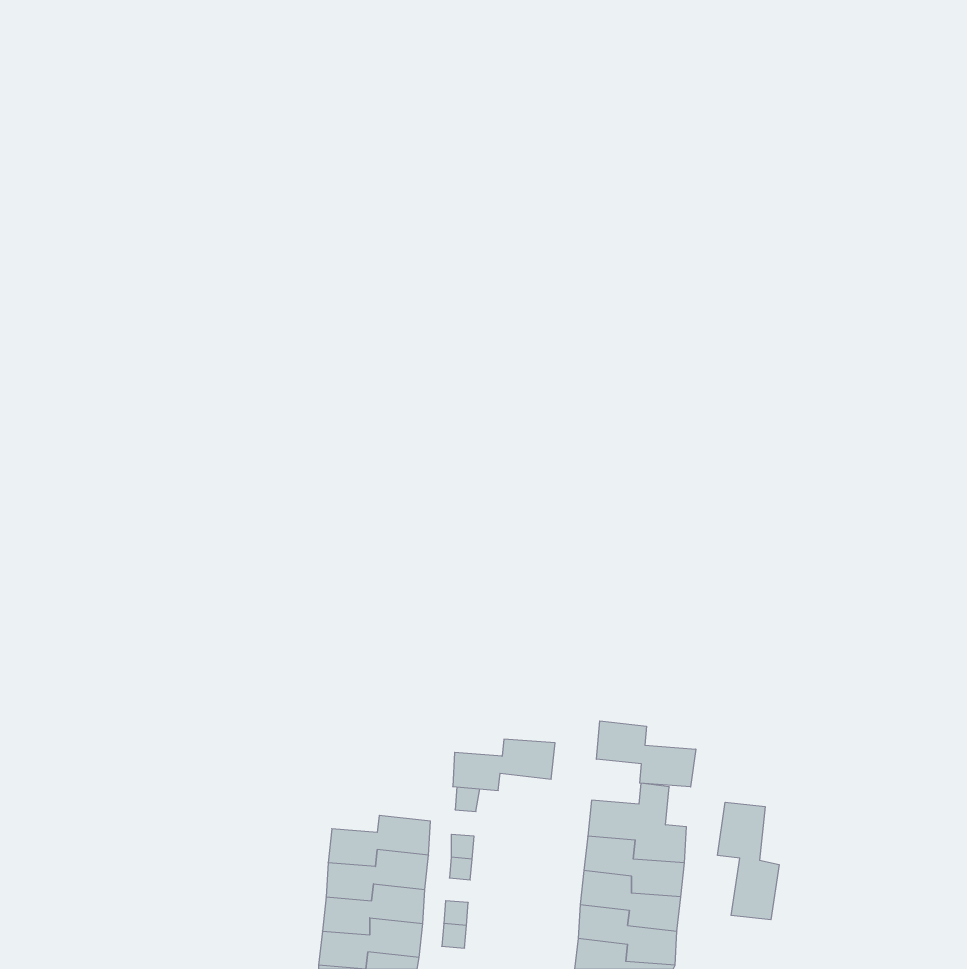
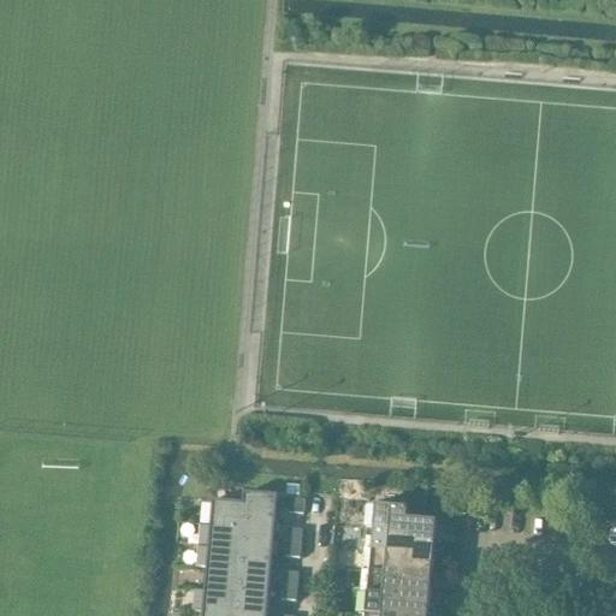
building: [596,721,696,787] -> none
building: [453,739,555,790] -> [211,496,276,528]
building: [718,802,779,920] -> none

